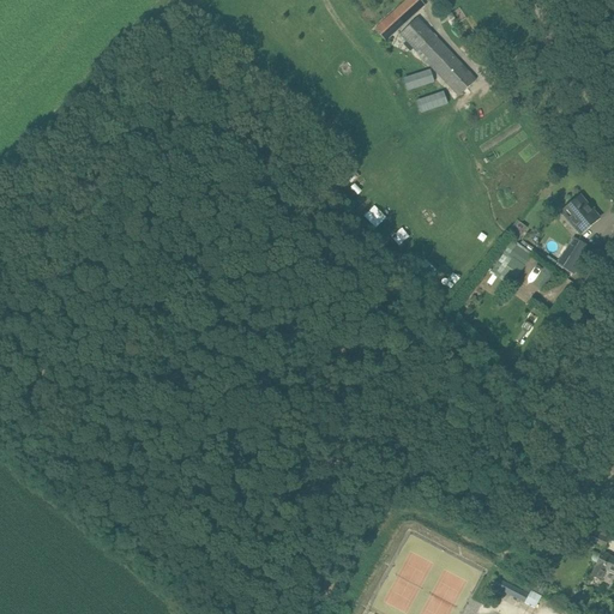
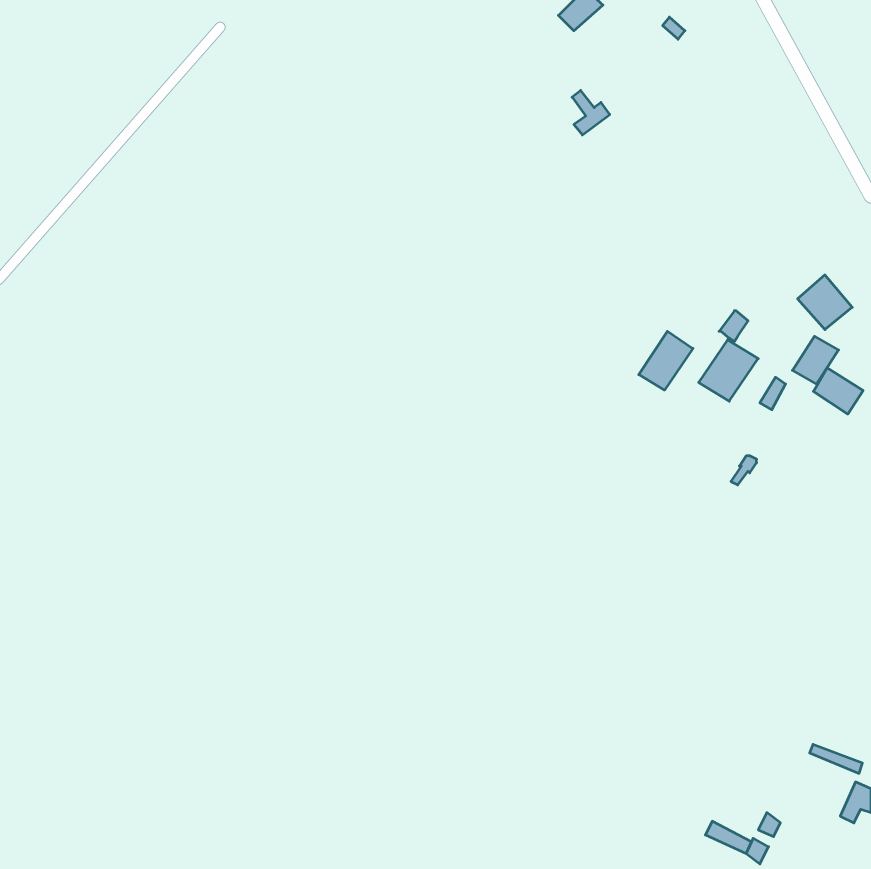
building: [399,14,475,95] -> none
building: none -> [639,331,693,390]
building: none -> [813,368,863,414]

